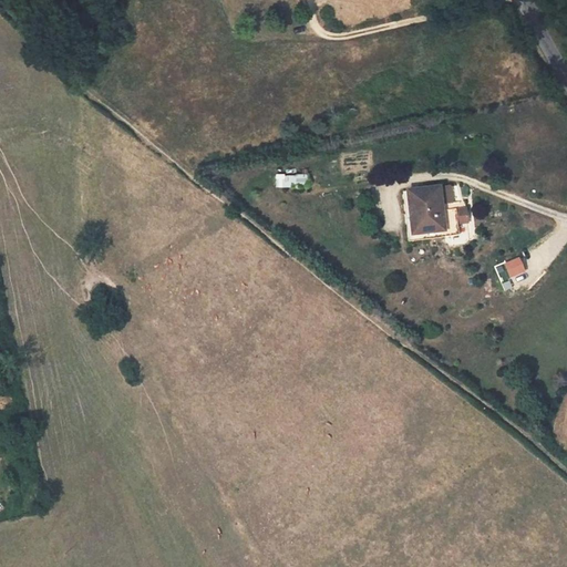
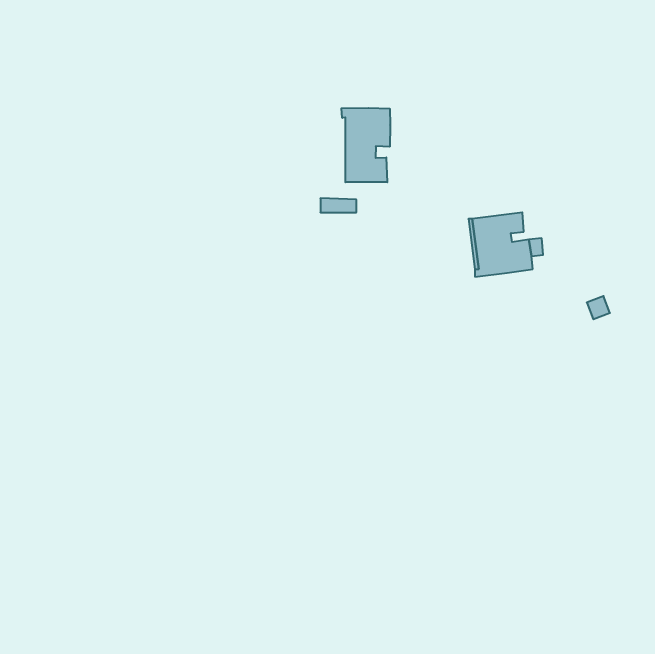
building: none -> [341,108,390,182]

